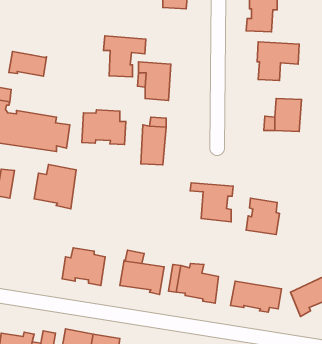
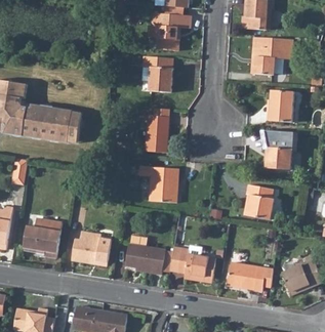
building: [104,36,146,77] -> [152,14,191,52]
building: [9,51,46,76] -> none
building: [82,110,126,145] -> none
building: none -> [261,132,295,171]
building: [34,164,76,209] -> [23,216,62,257]
building: [190,183,233,222] -> [138,166,178,202]

